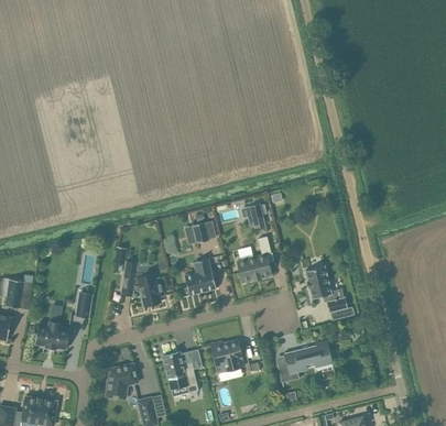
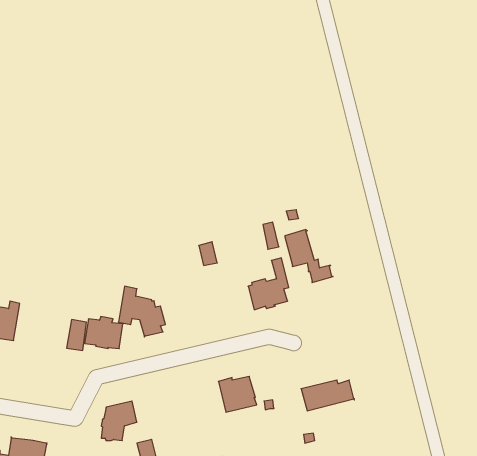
building: [184,259,216,295] -> none
building: [305,265,348,313] -> [285,230,333,283]
building: [35,320,69,349] -> [85,317,123,349]
building: [163,351,198,392] -> none

